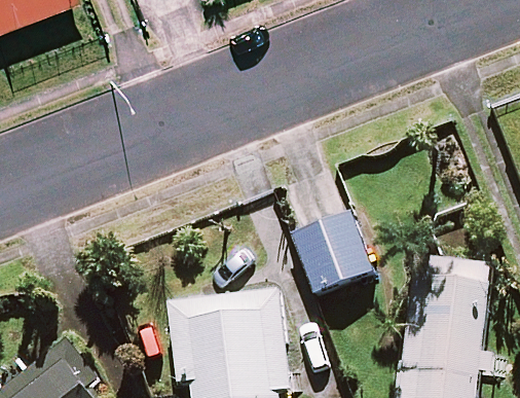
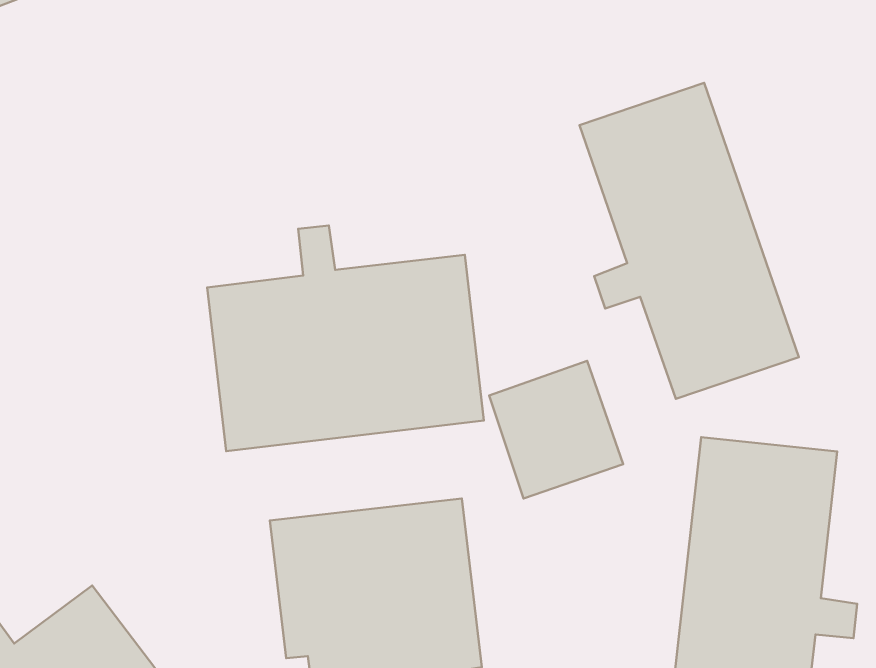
building: none -> [579,83,799,399]
building: none -> [207,226,484,451]

